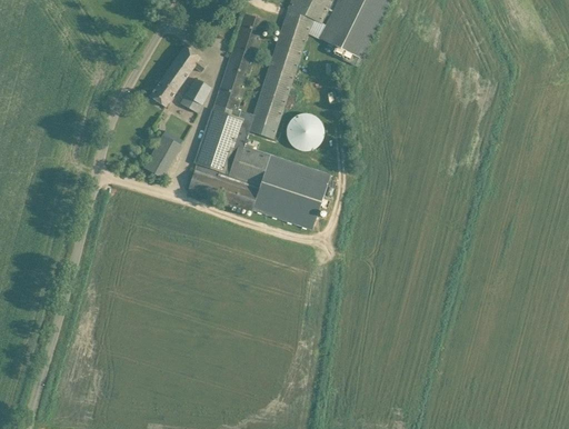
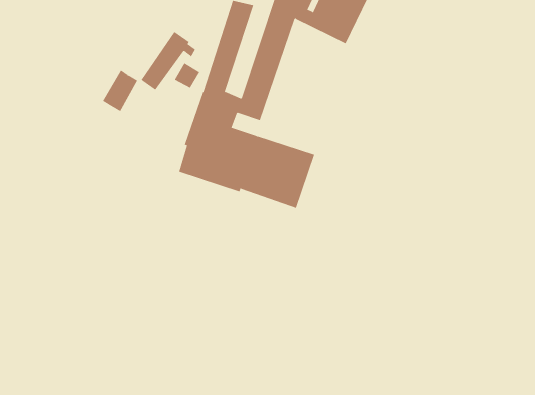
building: [287,113,325,150] -> none
building: [144,134,181,178] -> [102,70,138,112]

